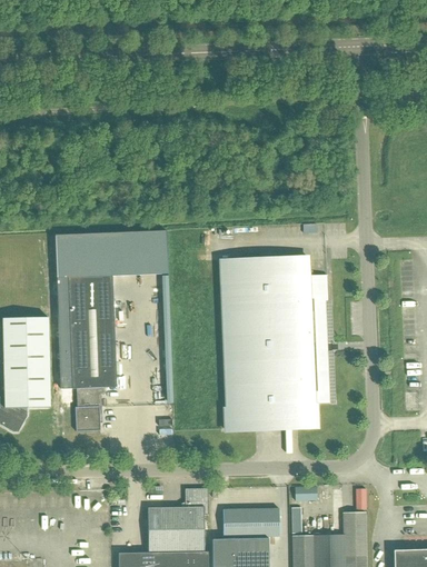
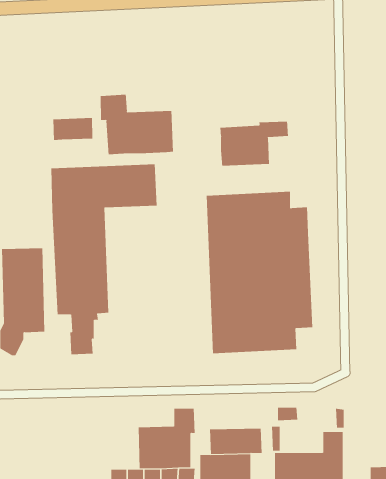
building: none -> [100,94,174,155]
building: none -> [53,117,93,141]
building: none -> [220,121,289,167]

